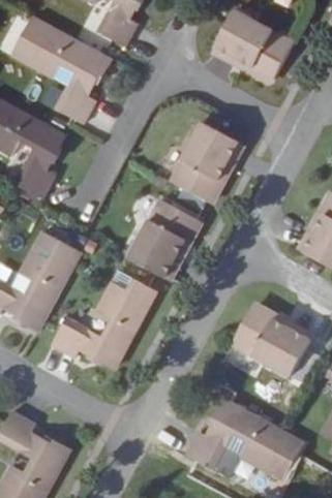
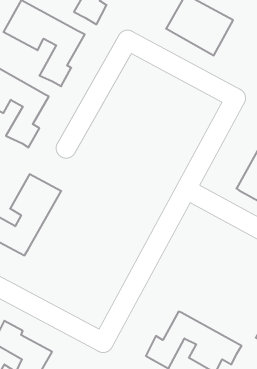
building: [170,122,245,204] -> none
building: [127,198,203,281] -> none
building: [51,278,157,368] -> none
building: [231,301,313,376] -> none

